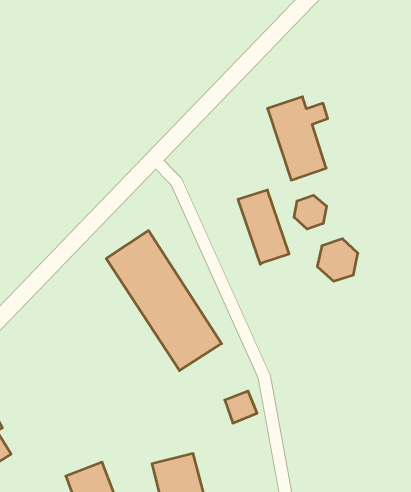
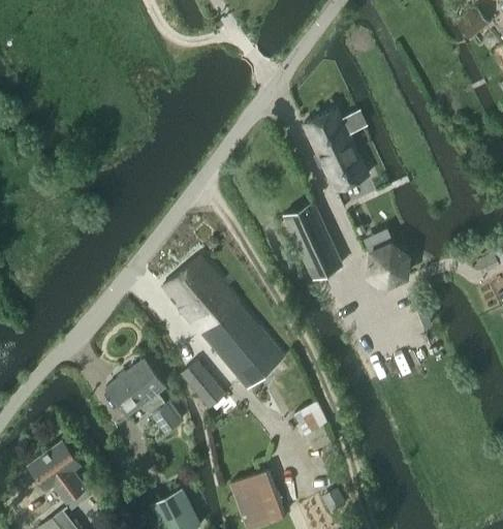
building: [294,195,327,229] -> none
building: none -> [106,360,182,435]
building: none -> [182,361,225,408]

